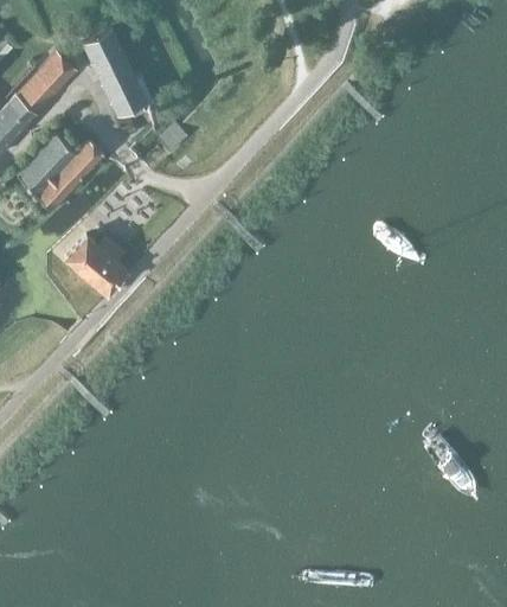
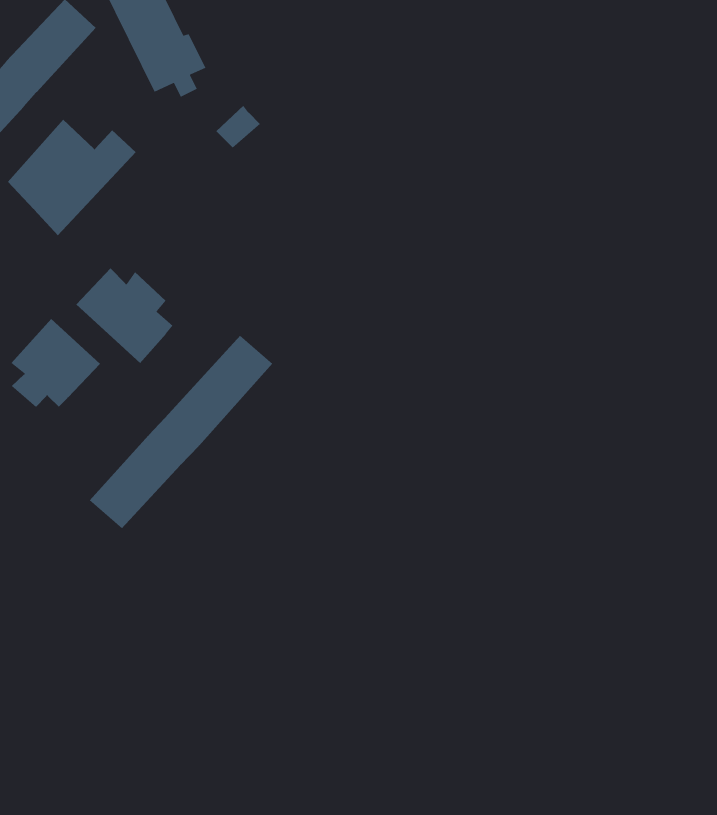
building: none -> [11,318,101,408]
building: none -> [89,335,273,529]

